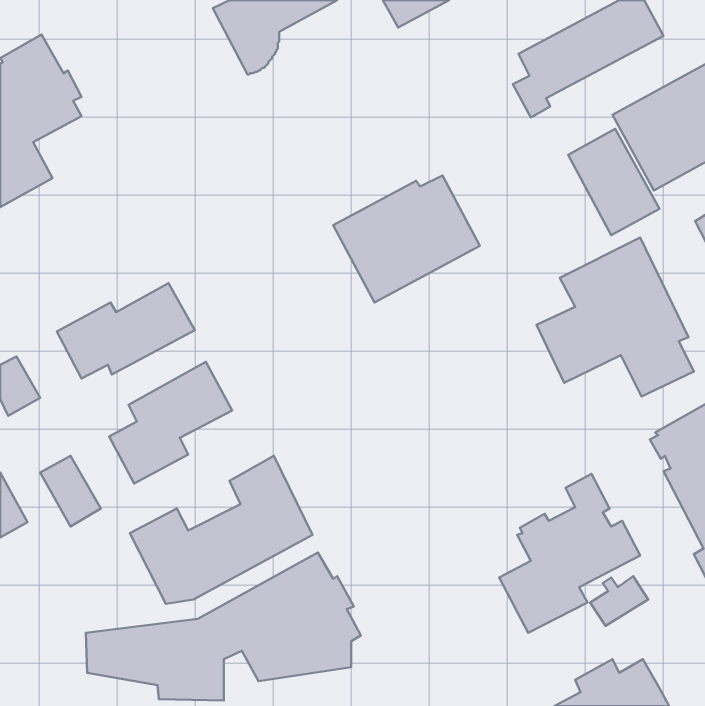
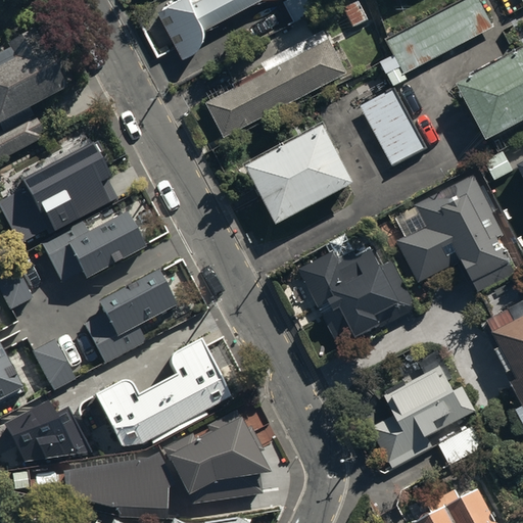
building: none -> [208,30,349,137]
building: [568,129,659,235] -> [361,89,428,168]
building: none -> [17,133,123,247]
building: none -> [297,247,416,343]
building: none -> [6,400,93,462]

